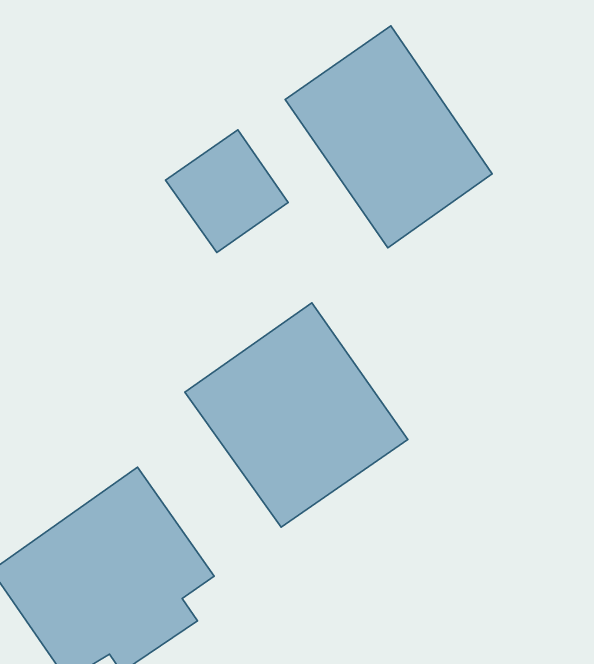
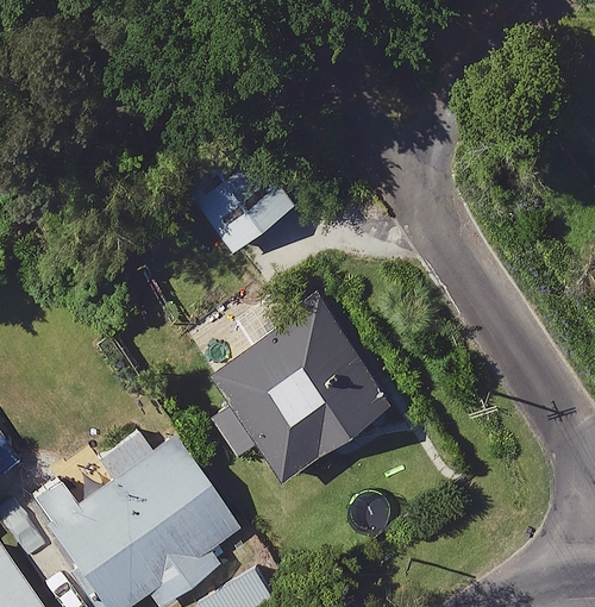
building: [285,26,492,248] -> none

